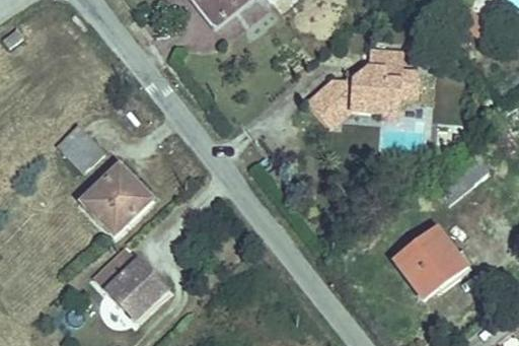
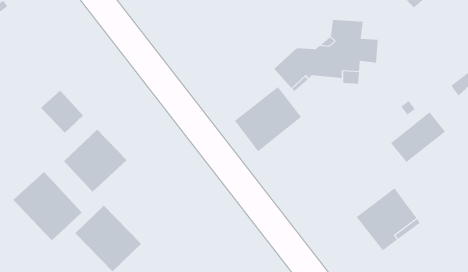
building: none -> [234,86,302,152]
building: none -> [13,171,82,241]

